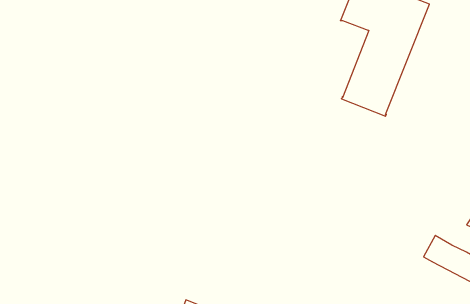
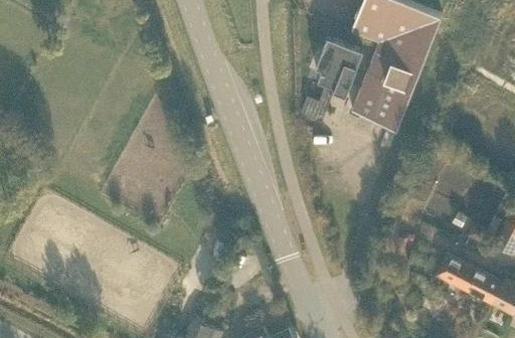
building: none -> [317,39,364,98]

